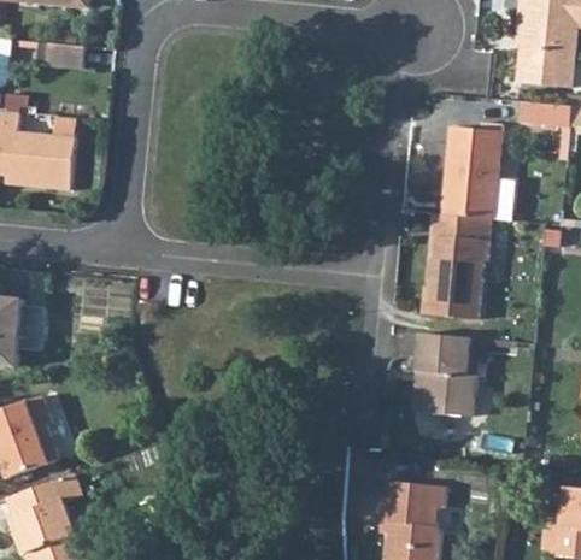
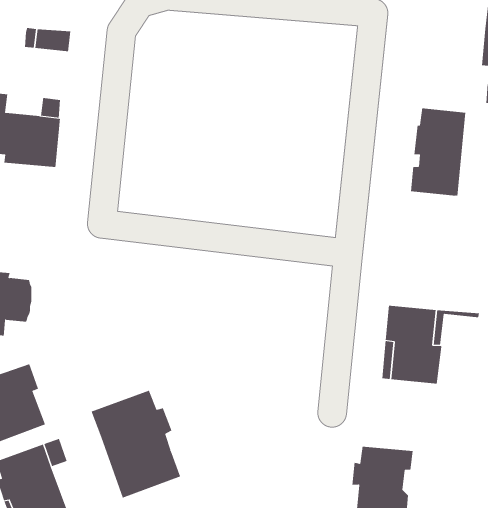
building: [421,213,489,319] -> none
building: none -> [91,390,181,498]

